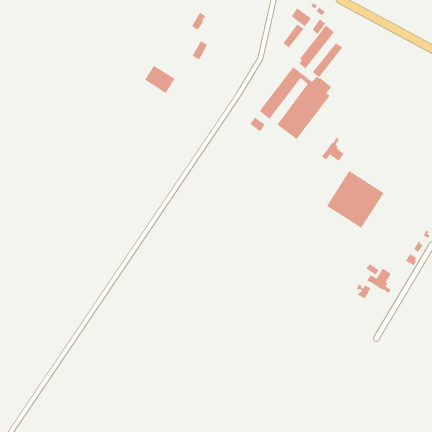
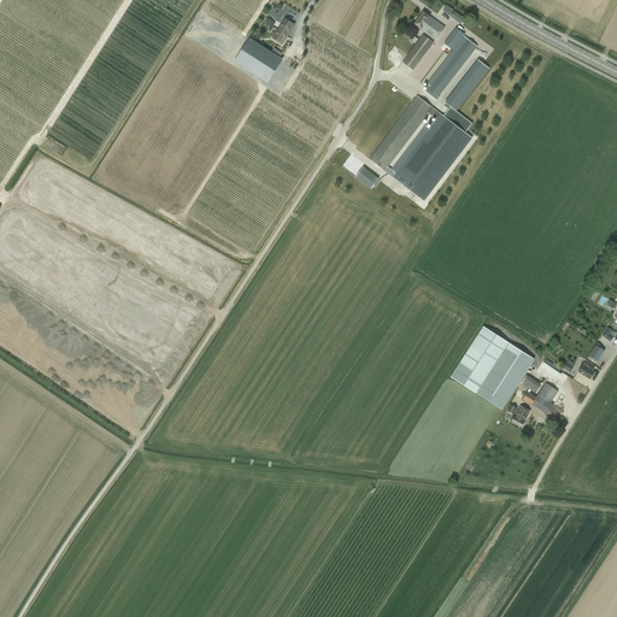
building: [144,65,175,94] -> [236,39,281,80]
building: [321,137,345,162] -> none
building: [326,170,384,229] -> [451,325,534,409]

